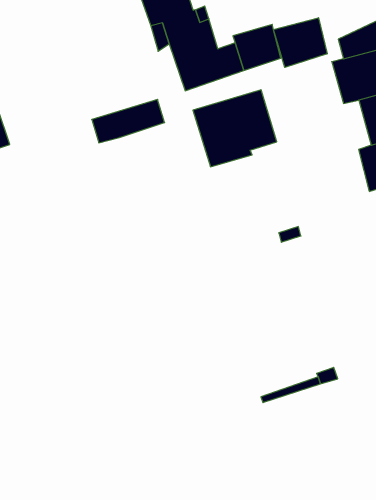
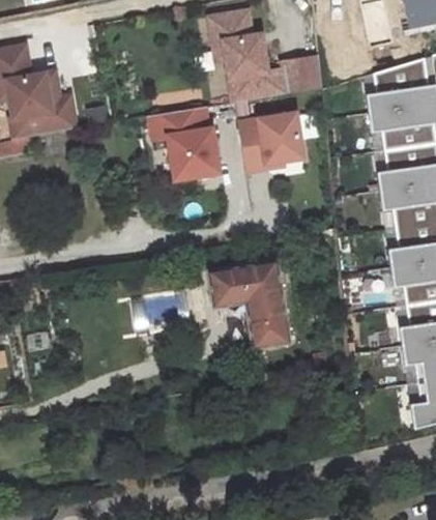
building: [274,18,327,67] -> none
building: none -> [172,126,225,178]
building: none -> [208,260,290,347]

